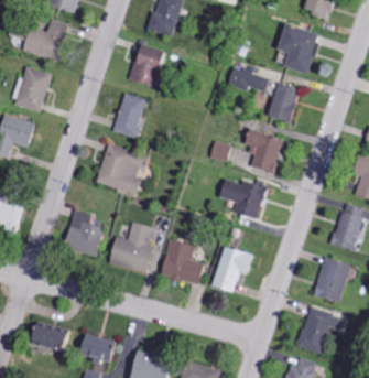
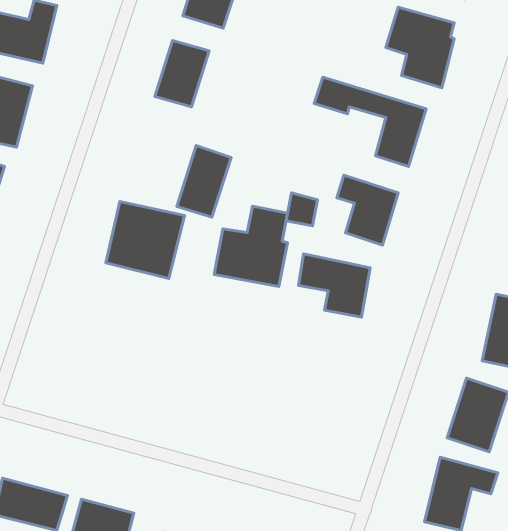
building: [113,93,148,138] -> [177,145,231,217]
building: [64,209,102,256] -> none
building: [108,222,154,272] -> [214,206,288,287]
building: [162,239,206,285] -> none
building: [213,247,252,293] -> none

